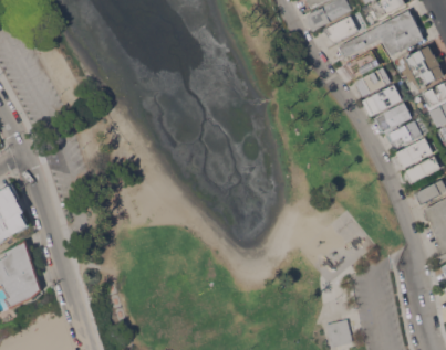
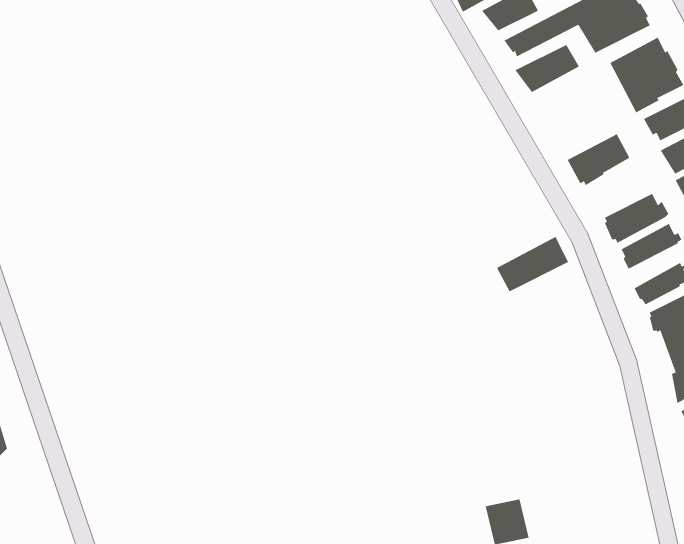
building: [355,67,390,96] -> none
building: [363,85,401,115] -> none
building: [385,116,428,149] -> [496,236,569,292]

